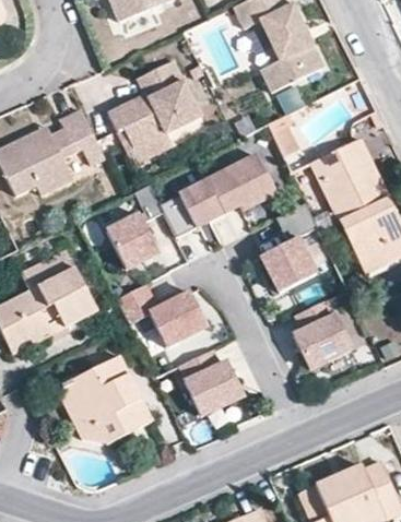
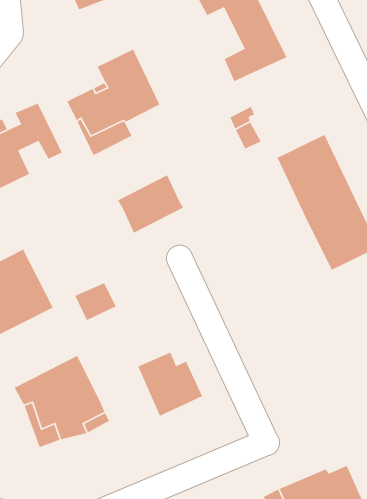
building: [207,157,272,207] -> none
building: [105,185,162,269] -> none
building: [260,203,316,288] -> none
building: [153,294,205,344] -> none
building: [293,300,347,367] -> none

